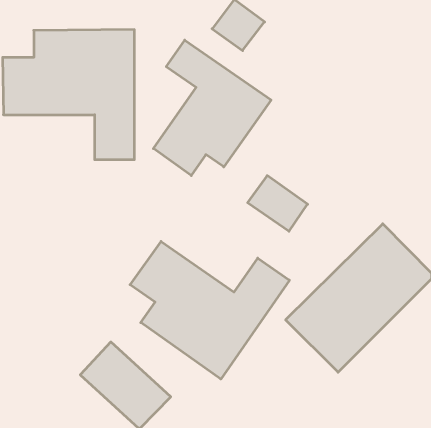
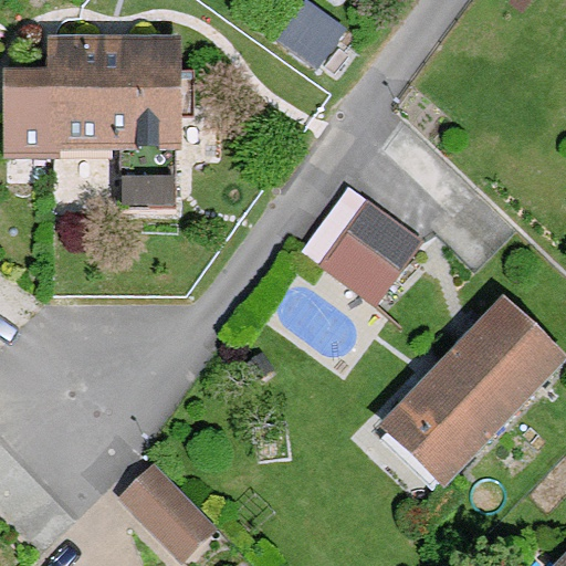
building: [153,40,271,176] -> none
building: [130,241,289,379] -> none

